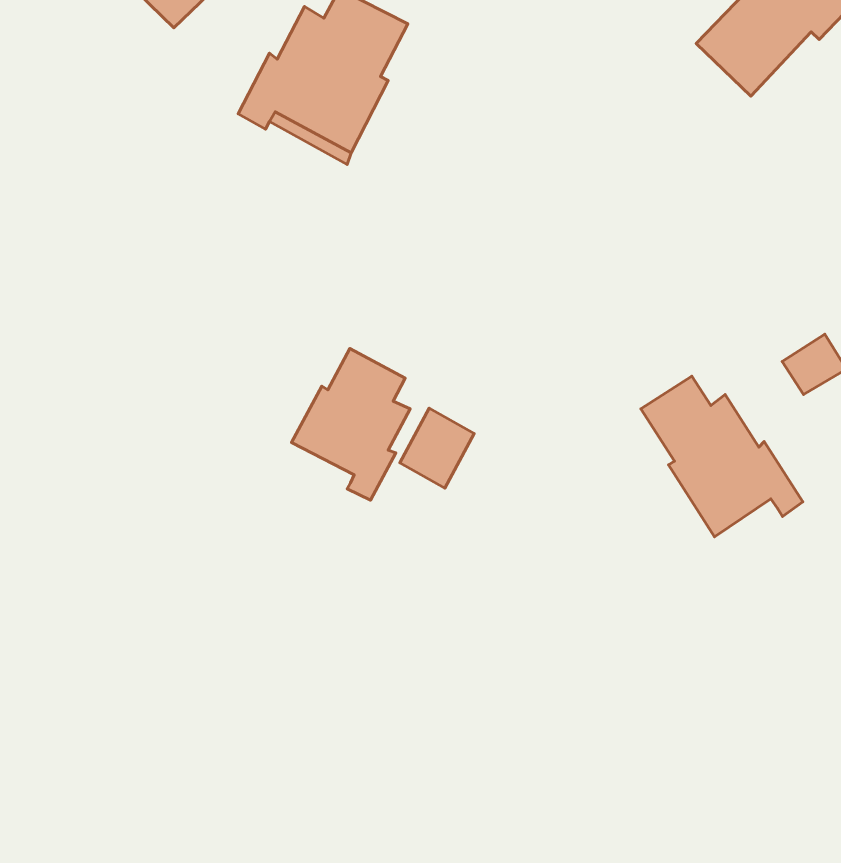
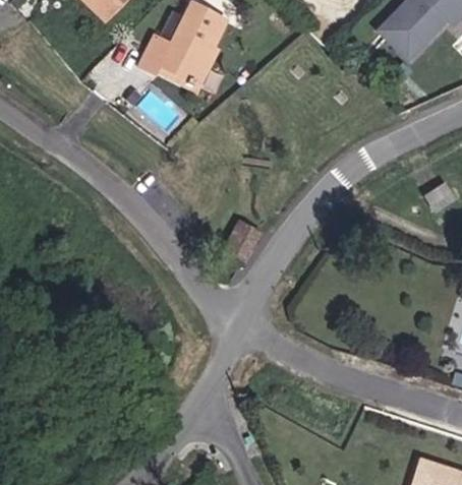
building: [291,348,410,500] -> none
building: [641,376,803,537] -> none

